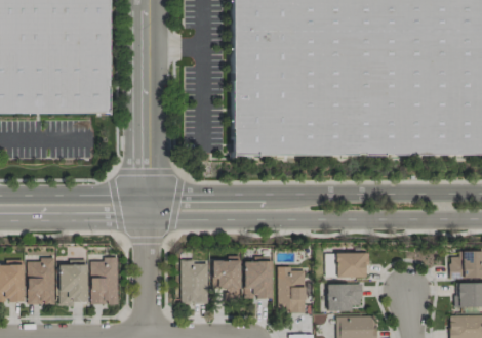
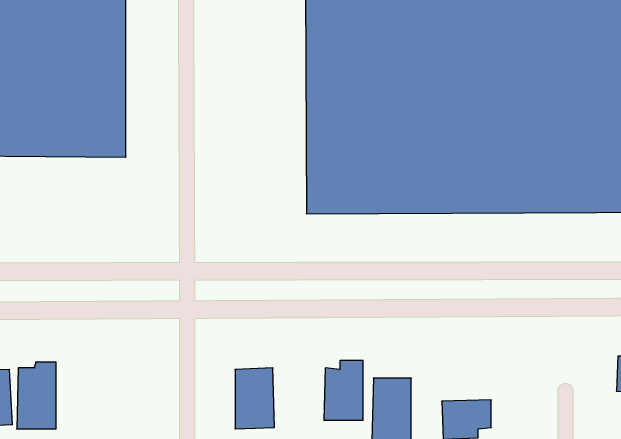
building: [337,252,371,278] -> none
building: [92,257,121,304] -> none
building: [61,259,88,303] -> none
building: [213,260,242,300] -> none

